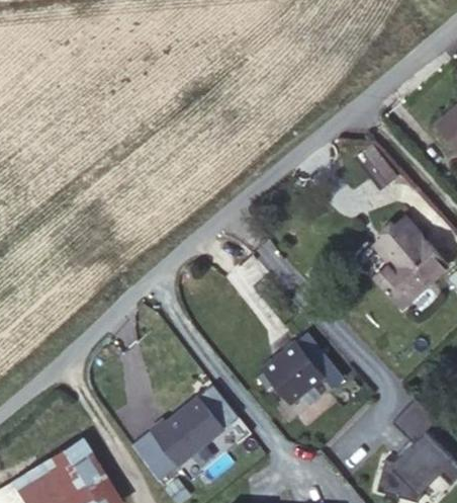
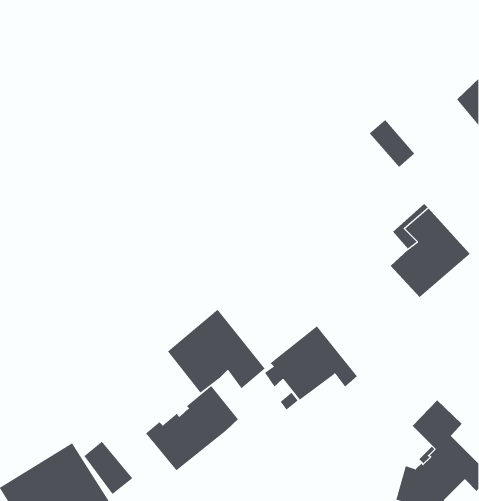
building: none -> [167,309,266,394]
building: [132,431,178,481] -> [84,441,133,495]

